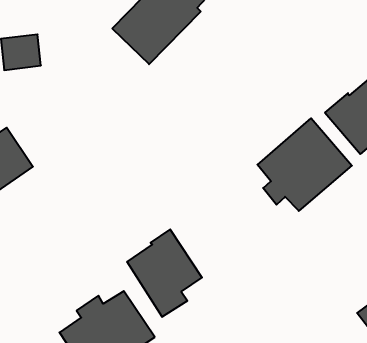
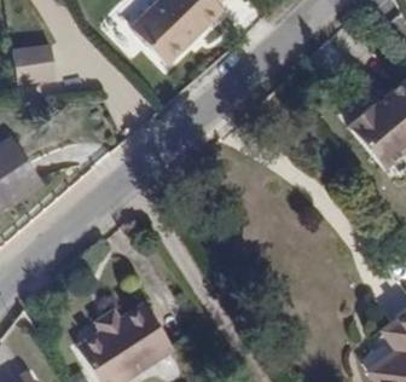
building: [257,118,352,211] -> none
building: [127,229,202,317] -> none

